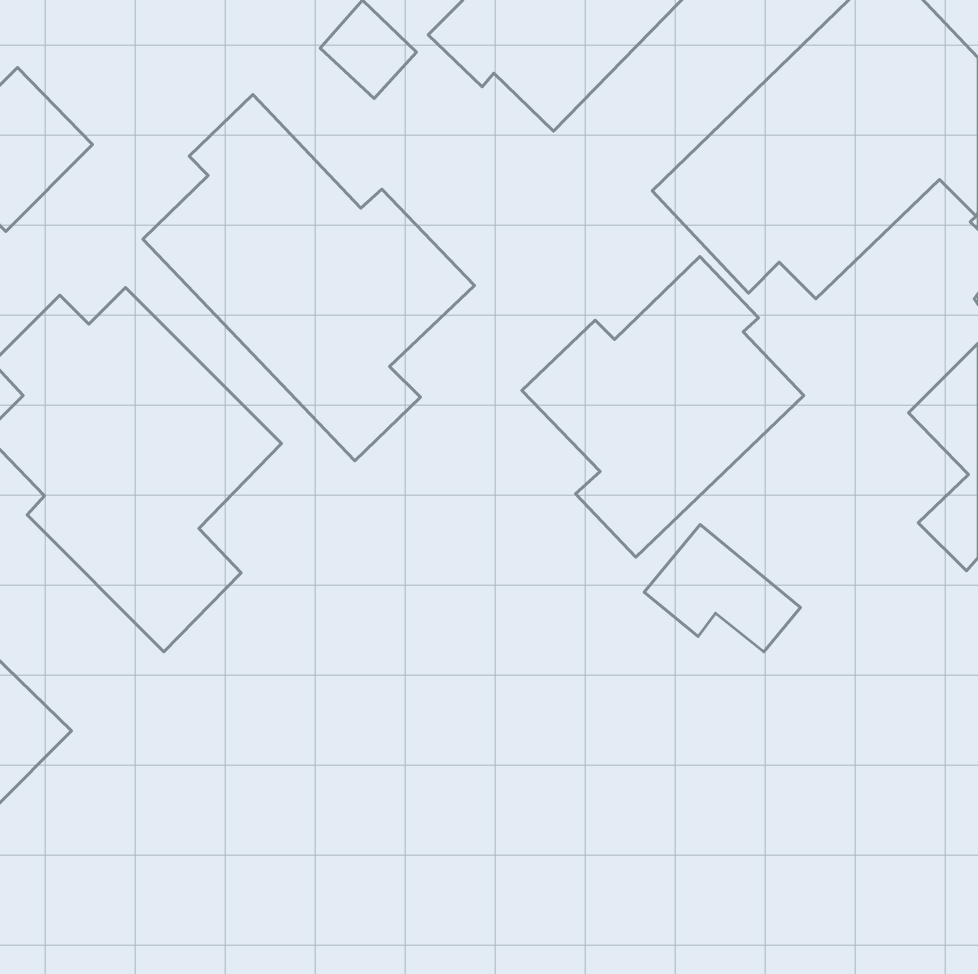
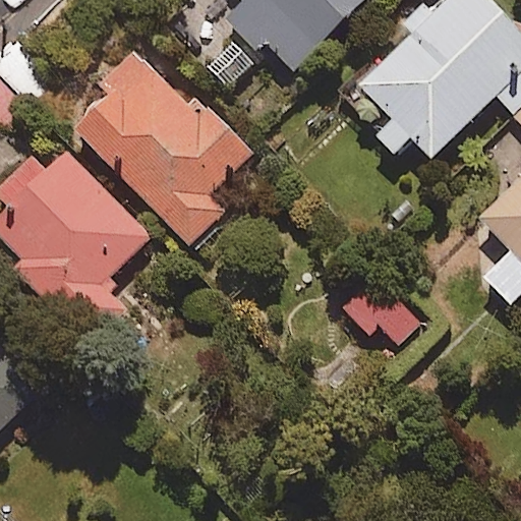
building: [522,256,804,557] -> none

